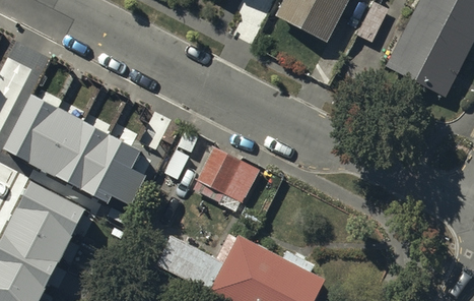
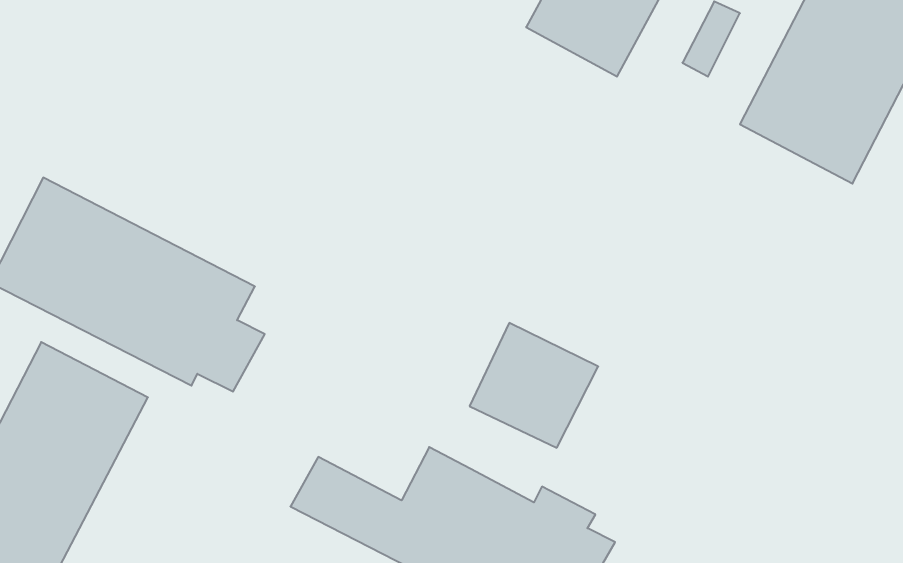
building: [194,148,260,213] -> [470,323,598,448]

